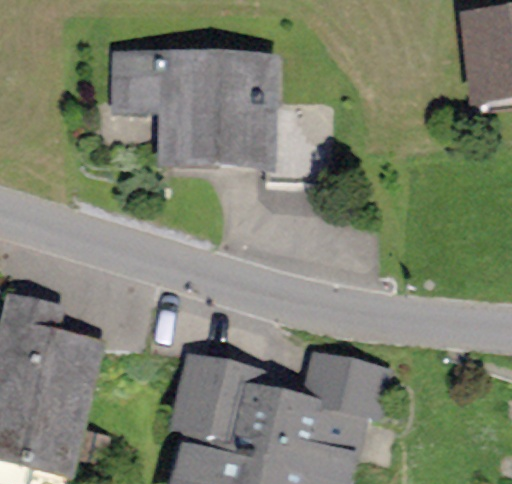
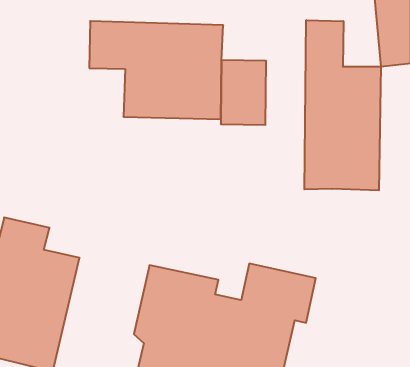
building: none -> [304,20,381,190]

